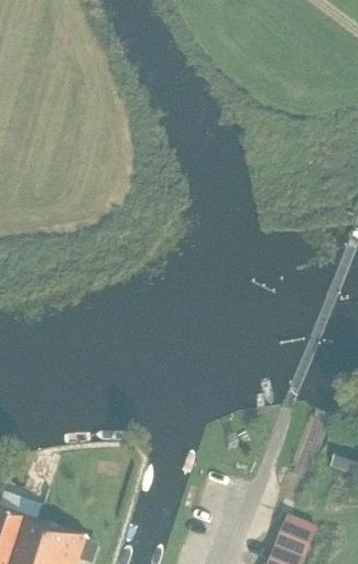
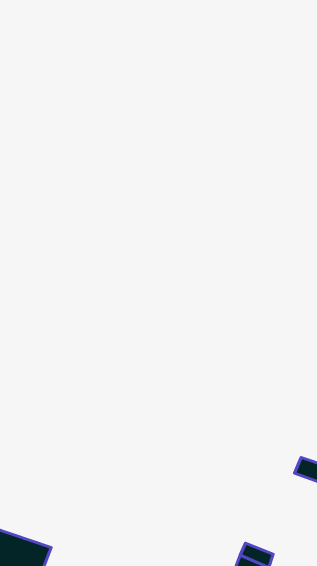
building: [280,519,315,550] -> none

